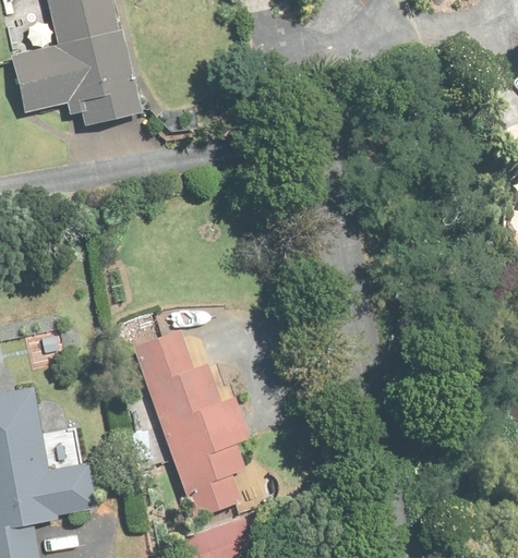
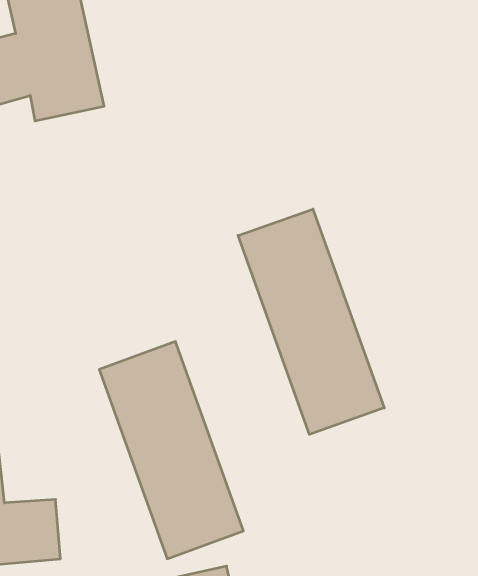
building: none -> [238,209,384,434]

